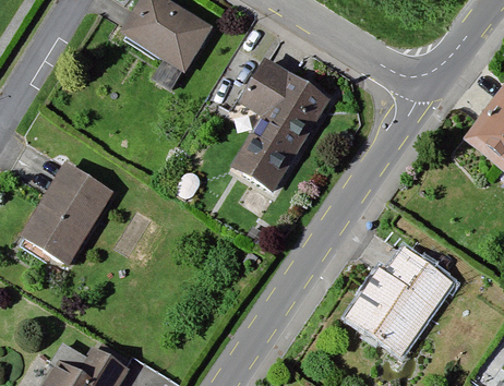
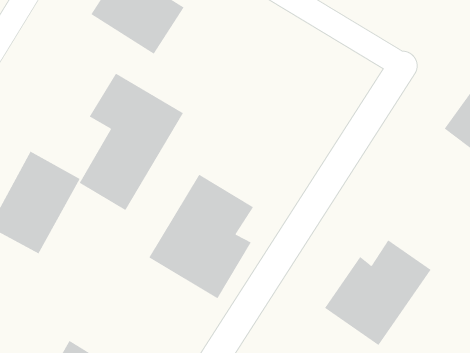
building: [230,58,333,192] -> [79,73,184,211]
building: none -> [149,174,254,299]

